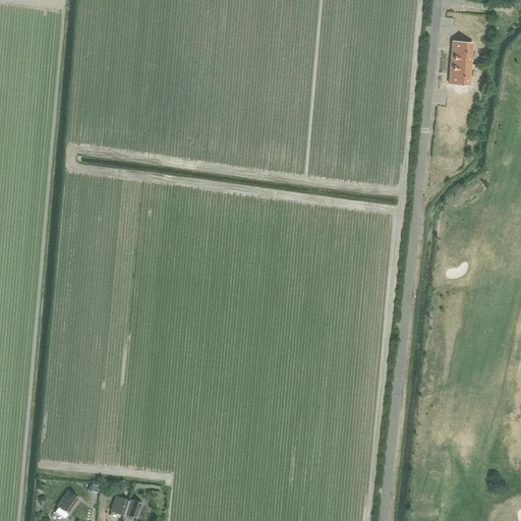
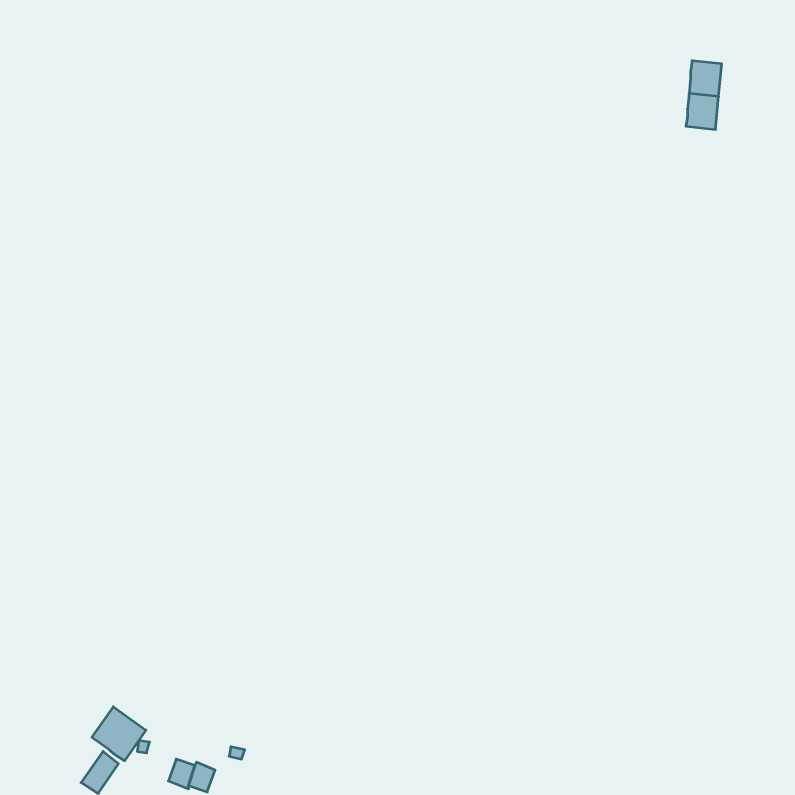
building: none -> [92,707,146,761]

